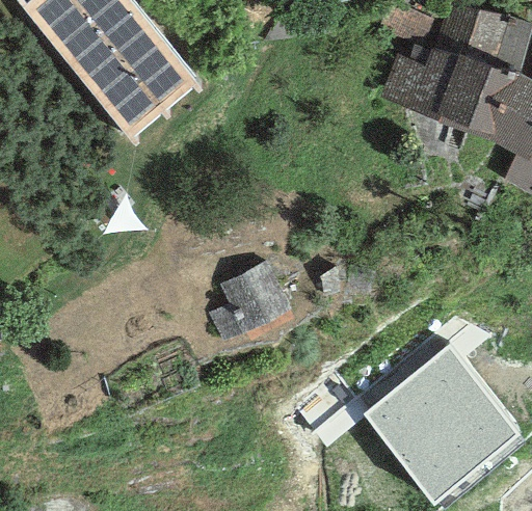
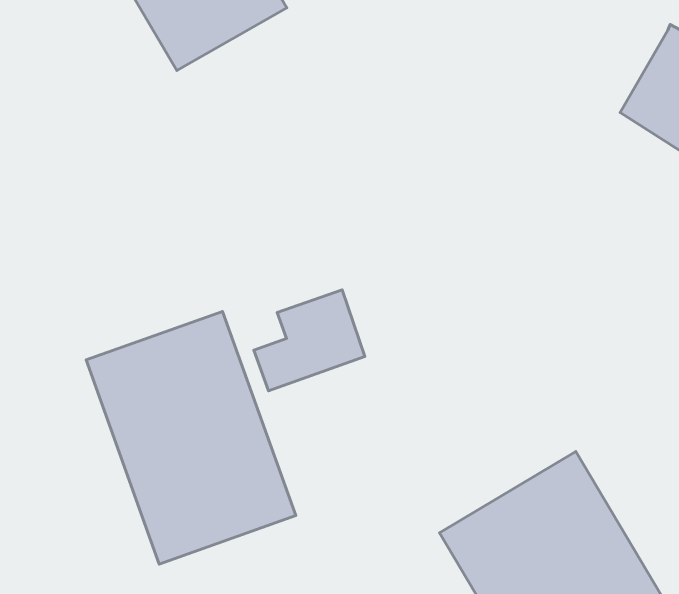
building: [382,42,459,111] -> none
building: none -> [86,311,296,564]

